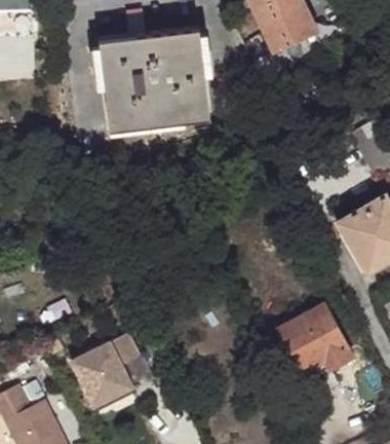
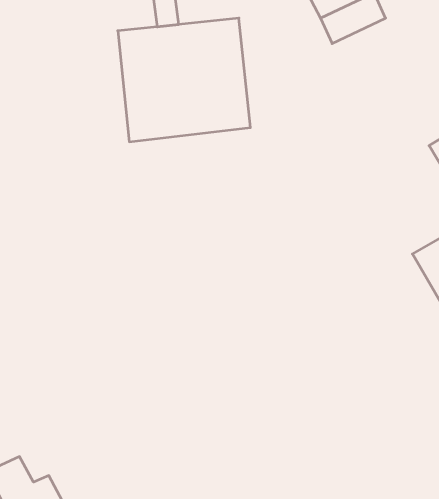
building: [280,303,353,373] -> none
building: [73,332,141,407] -> none

